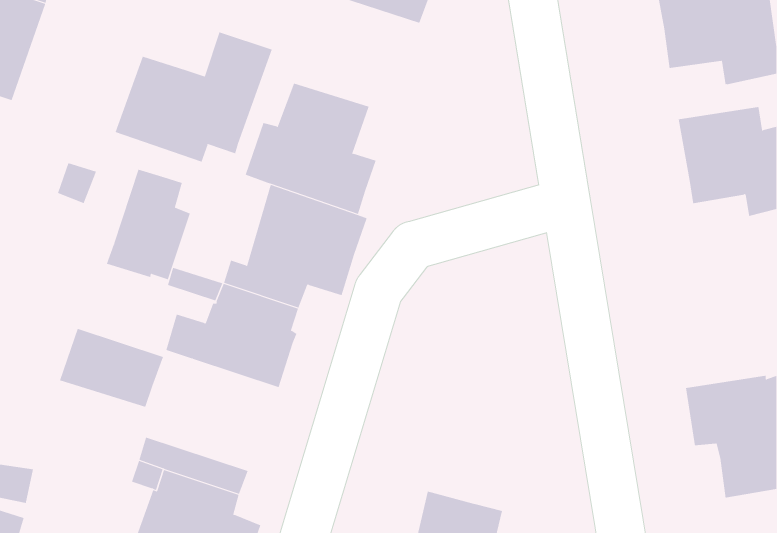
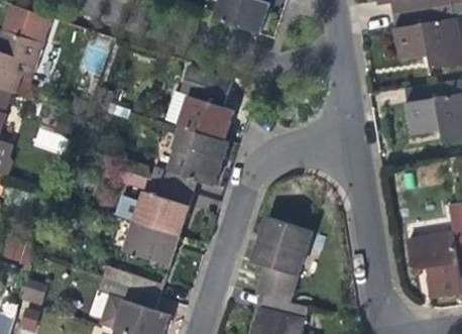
building: [115,32,273,163] -> none
building: [106,169,191,280] -> none
building: [59,328,164,408] -> [122,222,181,266]
building: none -> [252,216,312,303]

